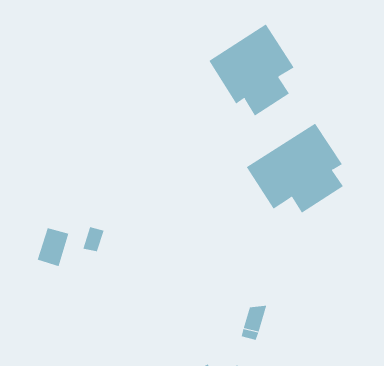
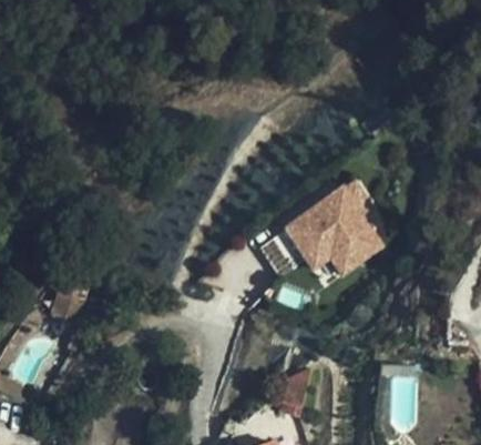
building: [209,23,294,116] -> none

